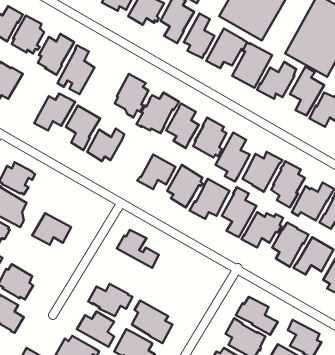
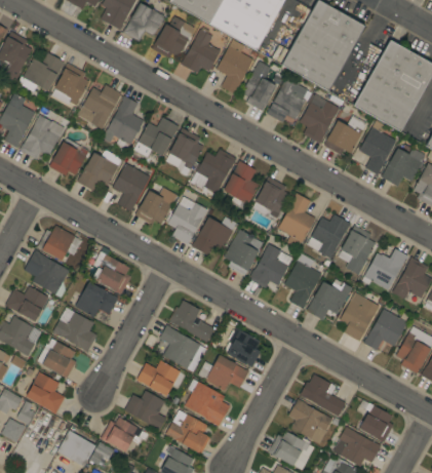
building: none -> [133,118,180,157]
building: none -> [49,139,89,176]
building: none -> [167,196,207,244]
building: none -> [92,246,131,294]
building: none -> [52,308,97,353]
building: none -> [159,325,206,372]
building: none -> [227,327,261,367]
building: none -> [198,355,248,391]

